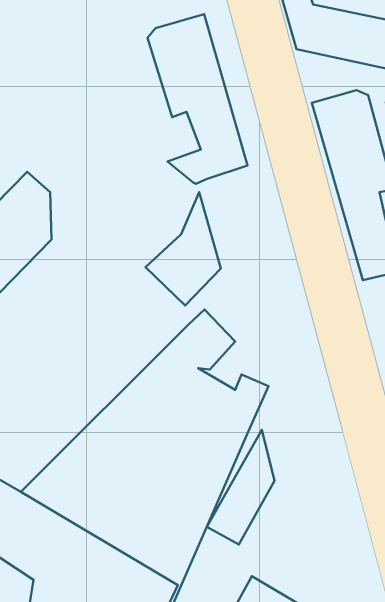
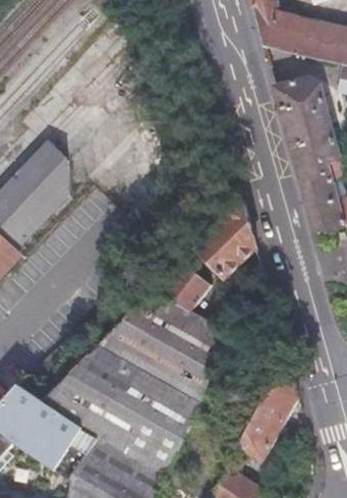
building: [147,14,248,184] -> none
building: [146,192,221,306] -> [197,185,257,276]
building: [207,430,274,545] -> [244,357,298,449]

